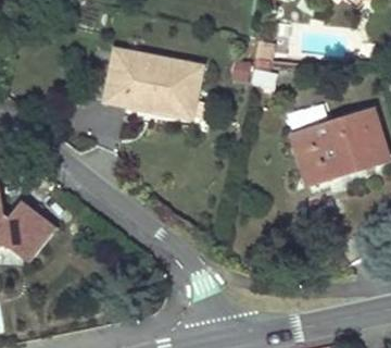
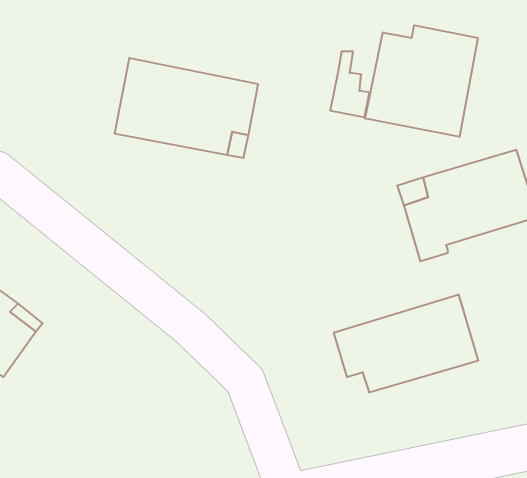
building: none -> [365,25,478,137]
building: none -> [334,294,478,393]

